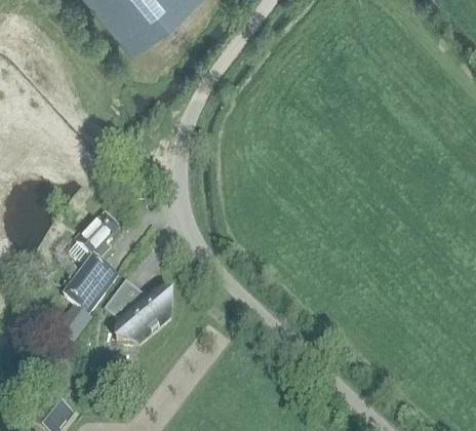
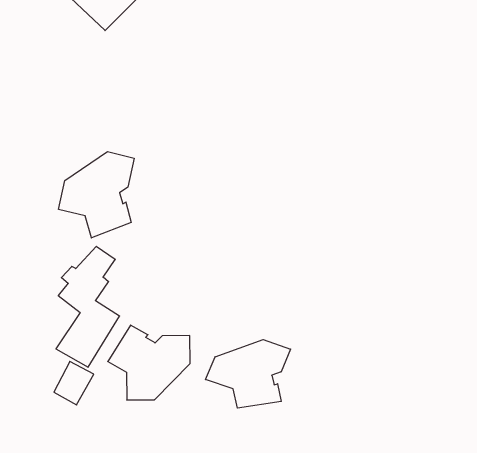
building: none -> [59,152,134,238]
building: none -> [206,340,291,408]

